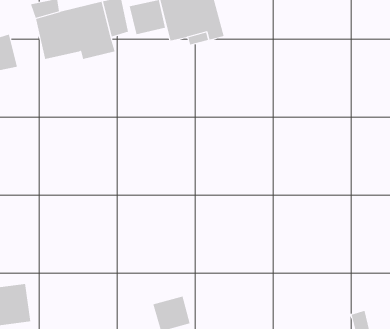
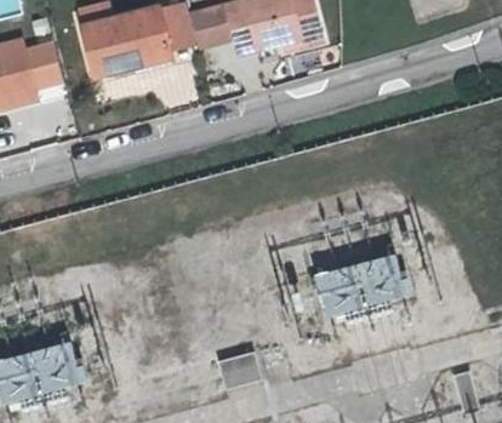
building: none -> [308,246,405,318]

